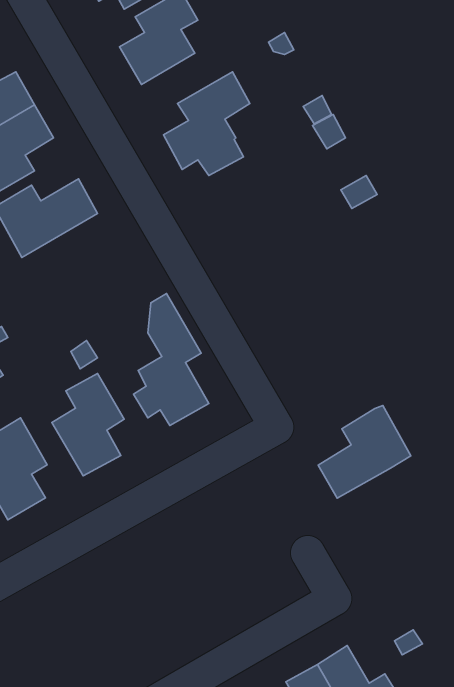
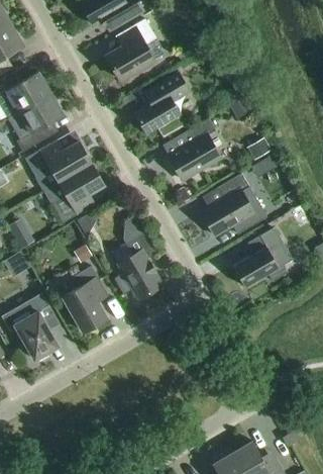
building: none -> [168,118,220,180]
building: none -> [42,163,104,223]
building: none -> [200,174,254,236]
building: [318,405,411,498] -> [232,227,292,287]

